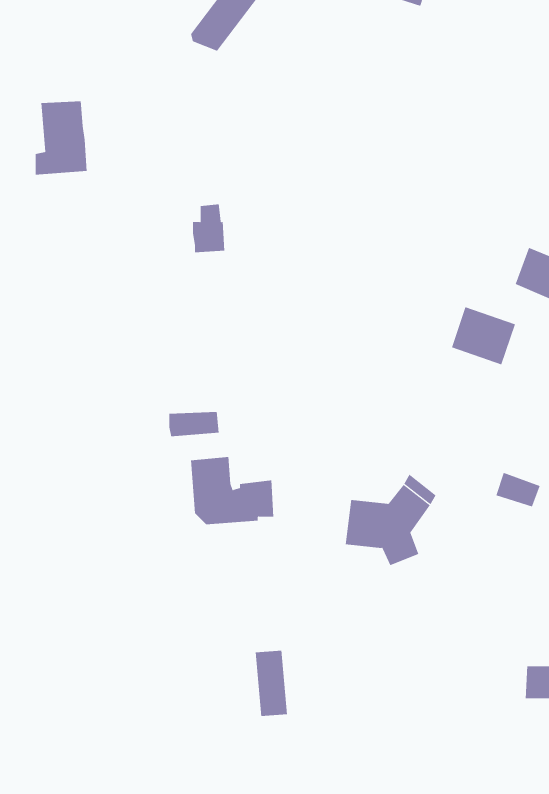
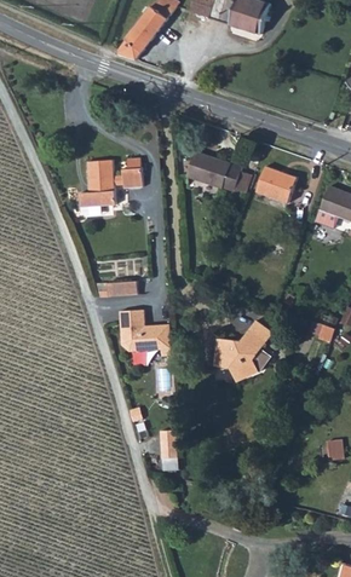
building: [35,101,88,175] -> [81,157,114,203]
building: none -> [185,150,240,189]
building: [451,306,516,365] -> [255,163,295,200]

